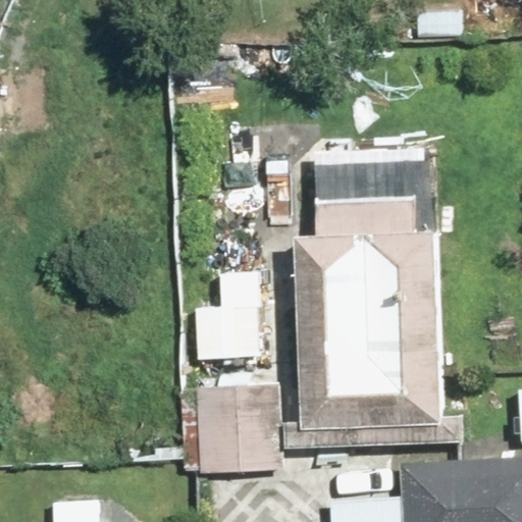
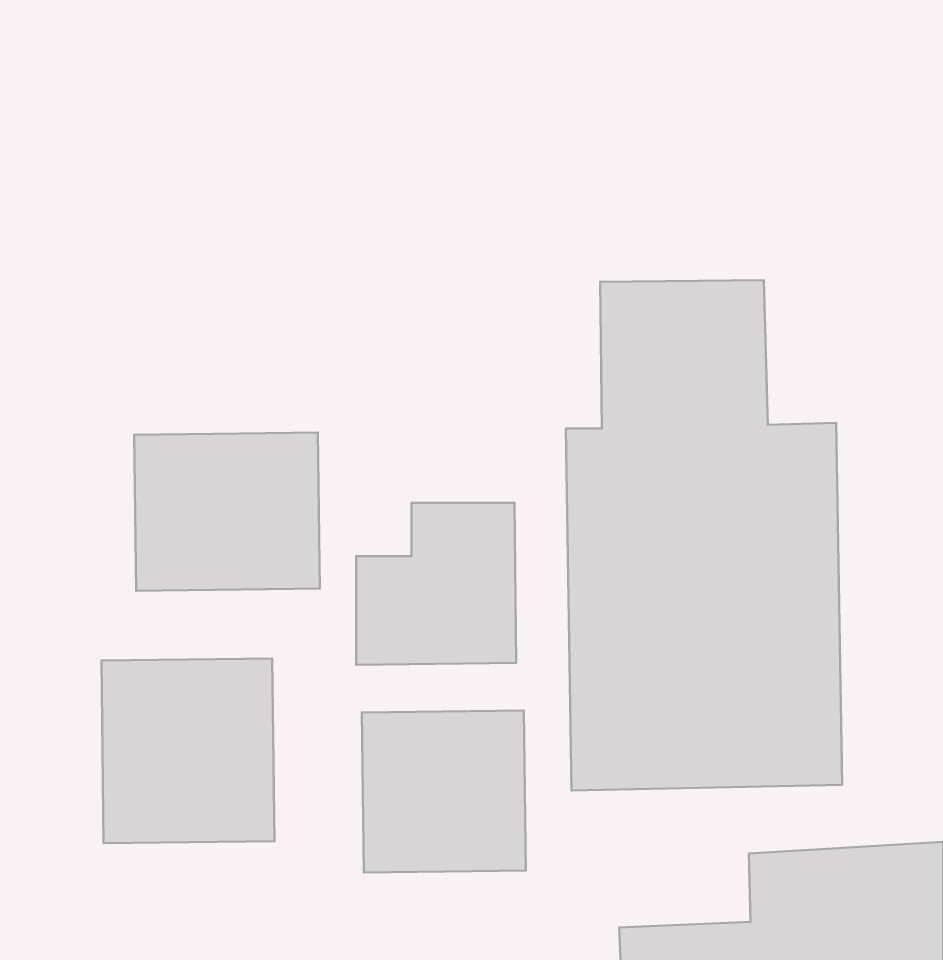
building: none -> [134,432,320,591]
building: none -> [101,658,274,843]

